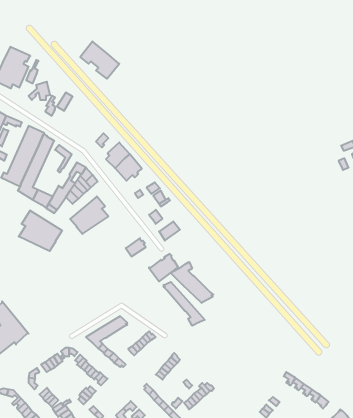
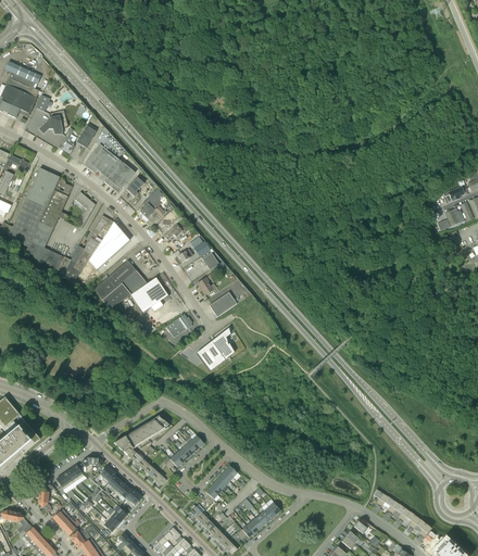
building: [80,41,119,79] -> [83,143,134,192]
building: none -> [129,277,167,313]
building: [19,210,62,251] -> none
building: [170,262,213,303] -> none
building: [163,282,205,326] -> none

